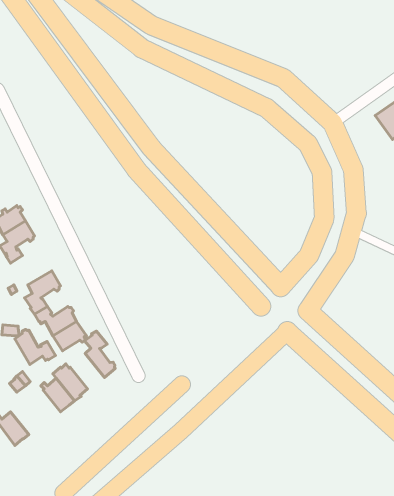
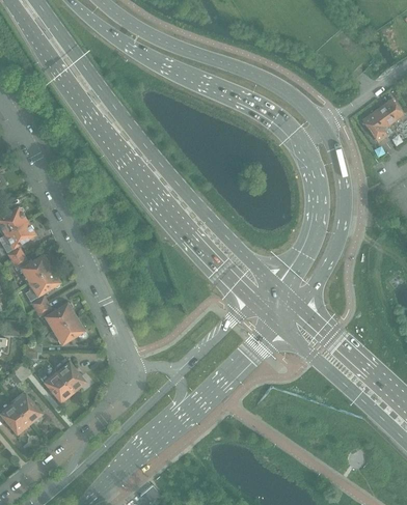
building: none -> [11,253,51,281]
building: [15,329,55,364] -> none
building: [85,331,115,378] -> none
building: none -> [11,389,42,424]

